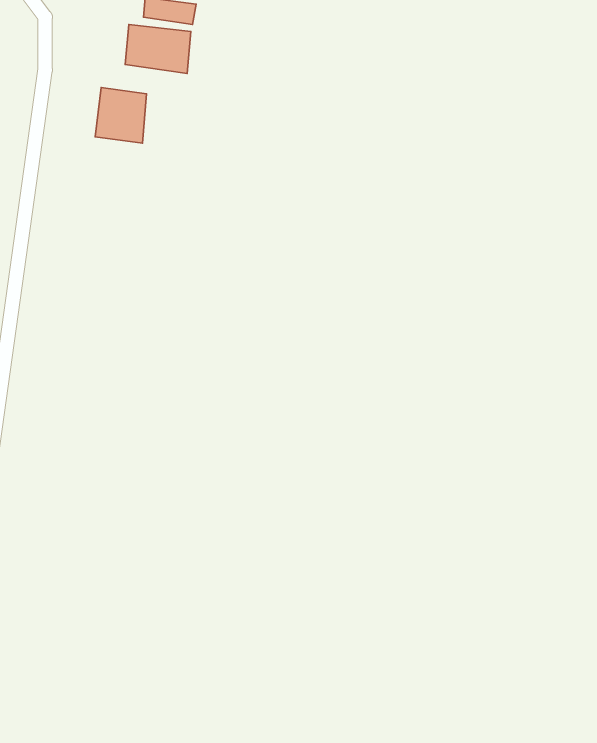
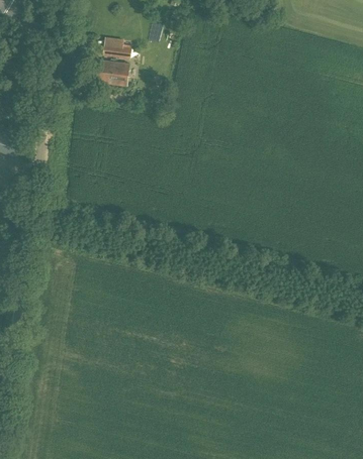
building: [95,88,146,143] -> none

